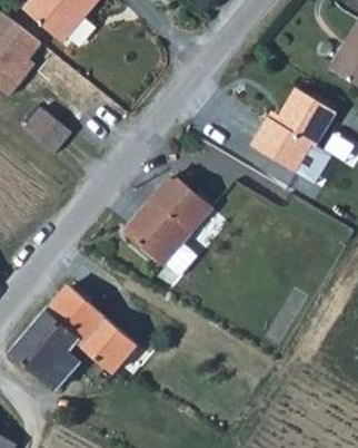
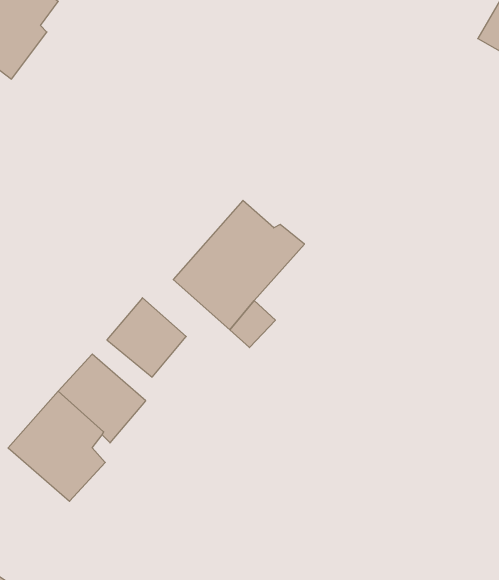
building: [252,87,337,171] -> none
building: [21,109,69,155] -> none
building: [79,318,133,372] -> [107,298,186,377]

